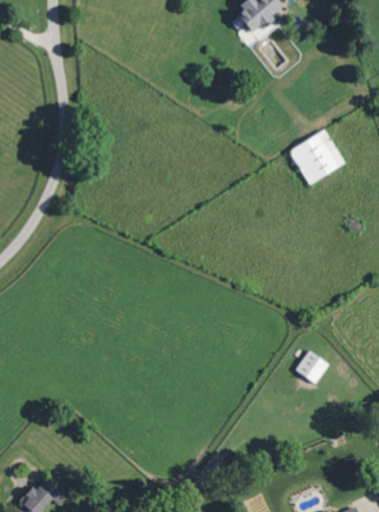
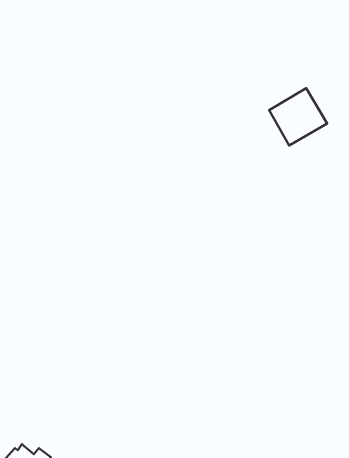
building: [295,351,329,385] -> none

